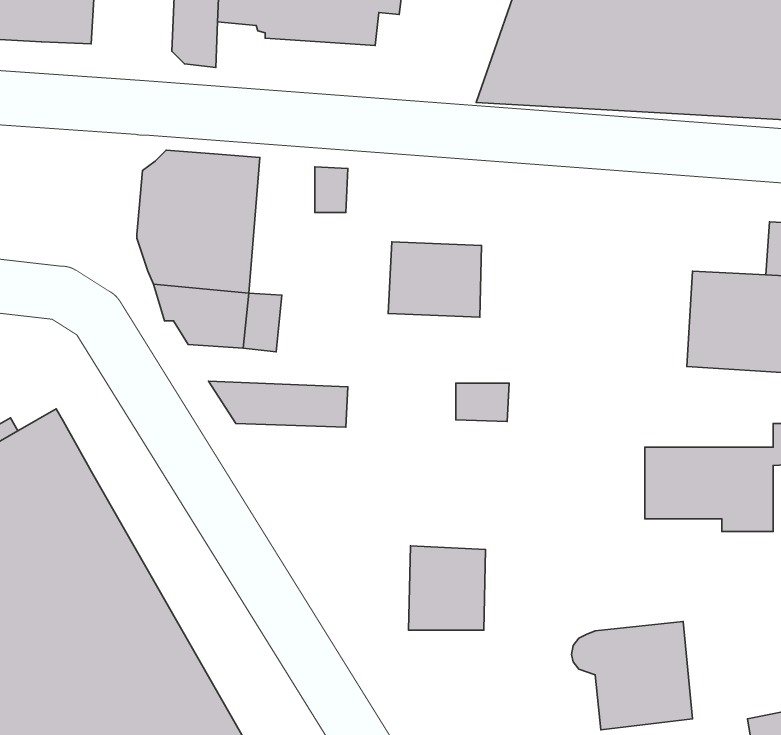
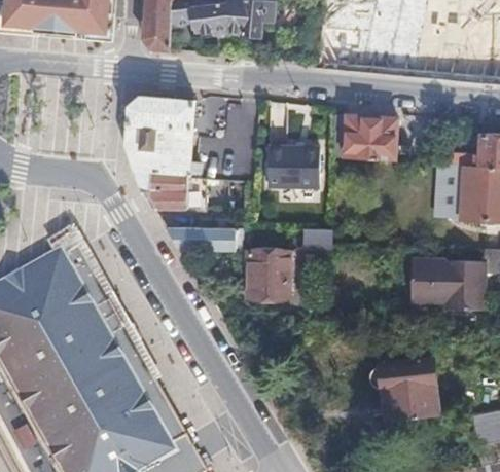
building: none -> [343,115,397,161]
building: [409,546,486,630] -> [249,251,292,298]

